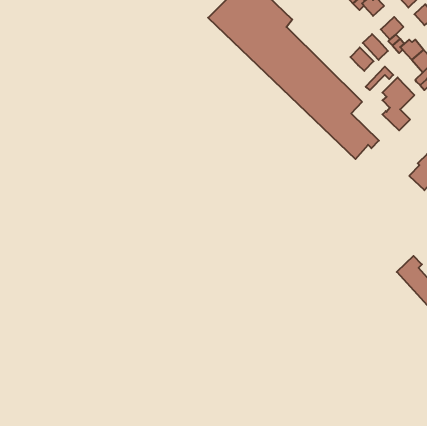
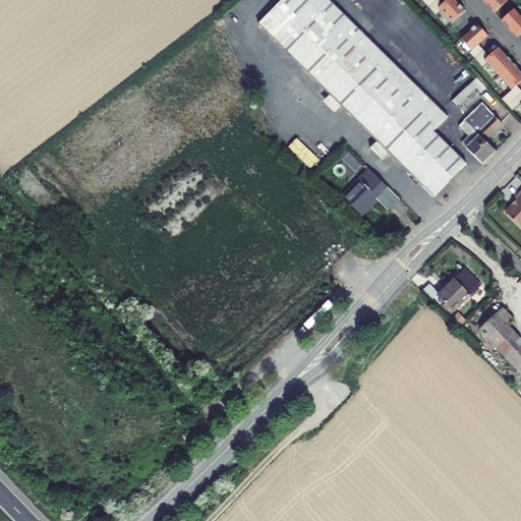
building: [363,34,388,60] -> none
building: [350,47,374,71] -> none
building: none -> [342,168,399,215]
building: none -> [438,267,480,308]

